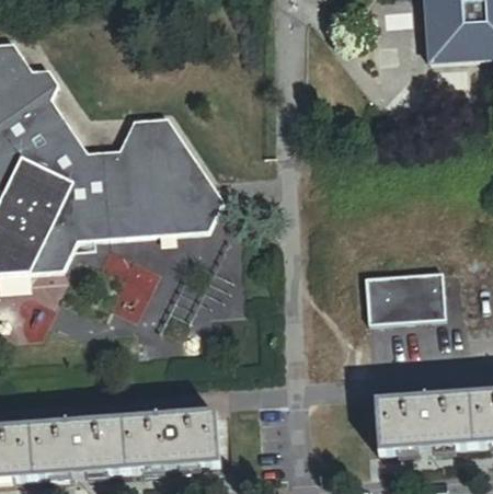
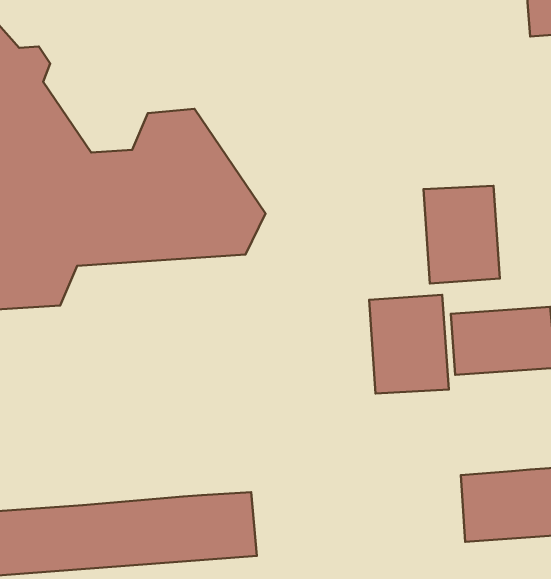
building: none -> [423,186,500,284]
building: none -> [369,295,449,393]

